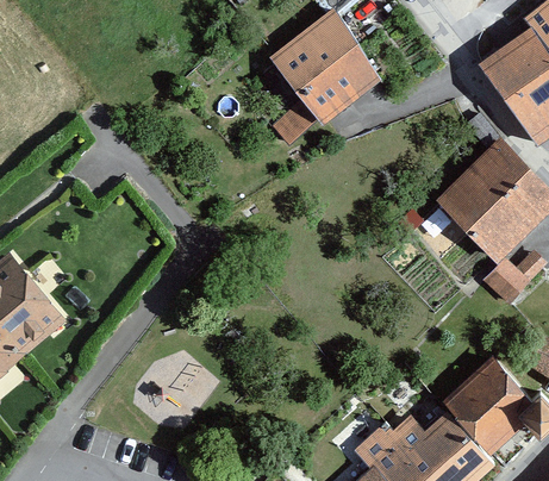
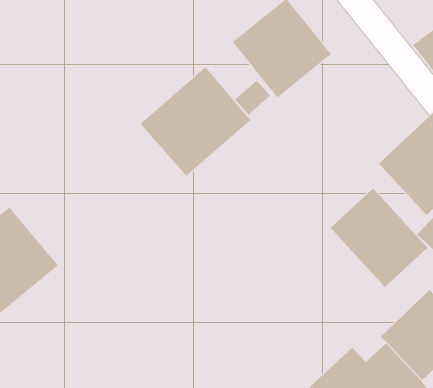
building: none -> [140,66,252,177]
building: none -> [330,188,428,288]

